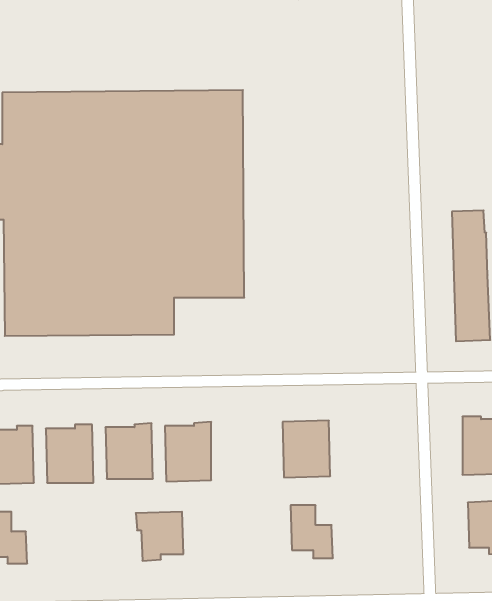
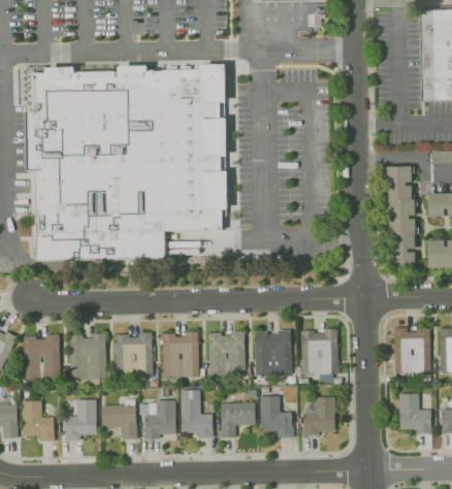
building: none -> [300,328,338,373]
building: none -> [208,330,245,374]
building: none -> [181,389,213,436]
building: none -> [302,395,335,435]
building: none -> [65,398,97,439]
building: none -> [220,401,255,436]
building: none -> [102,404,136,438]

